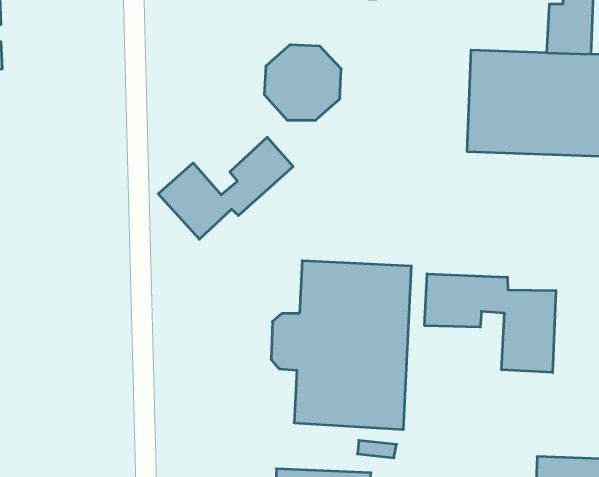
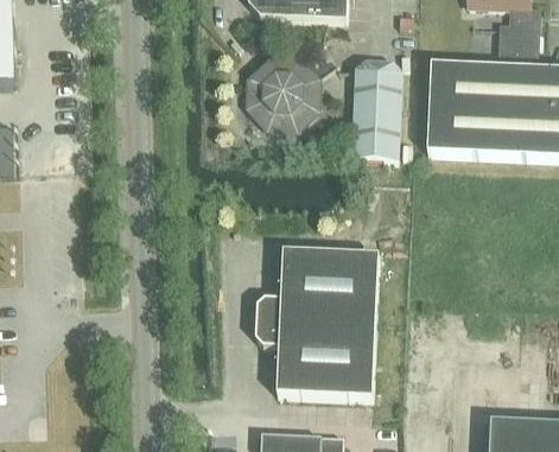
building: none -> [354,61,404,160]
building: [158,137,293,239] -> none
building: [425,274,556,373] -> none

